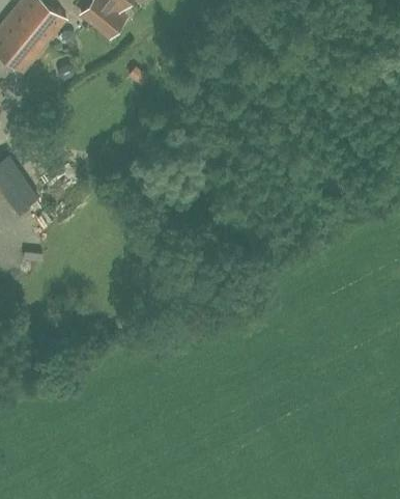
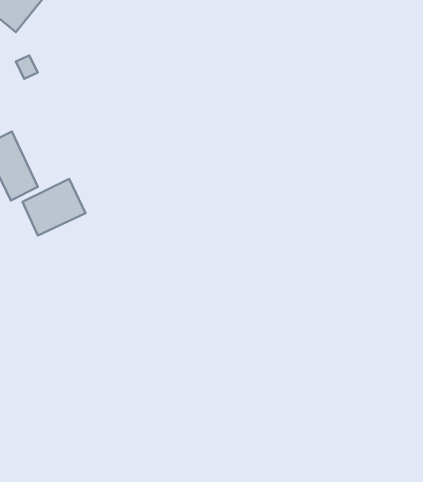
building: none -> [22,179,86,235]

